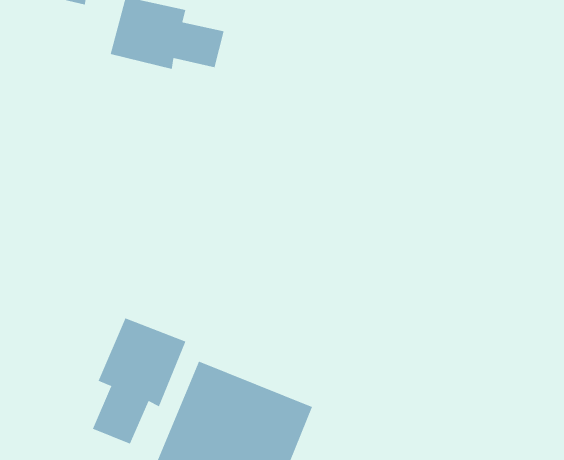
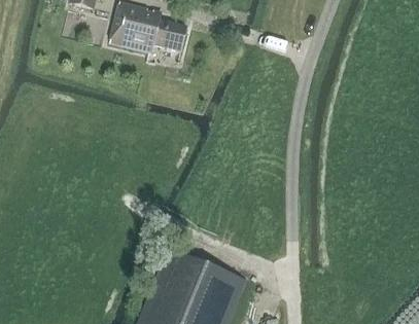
building: [92,318,186,445] -> none

